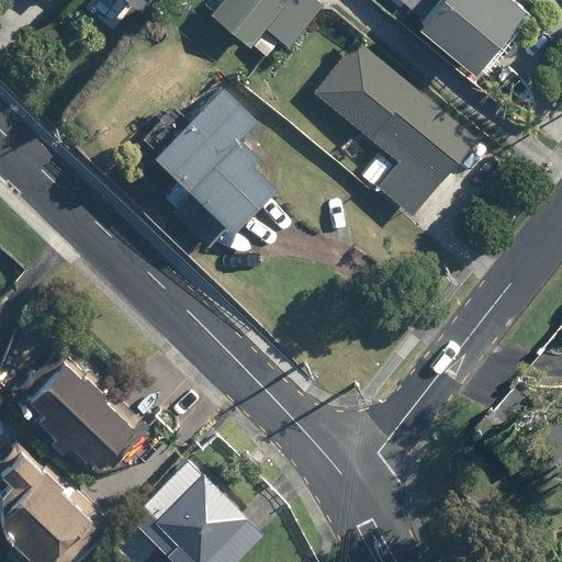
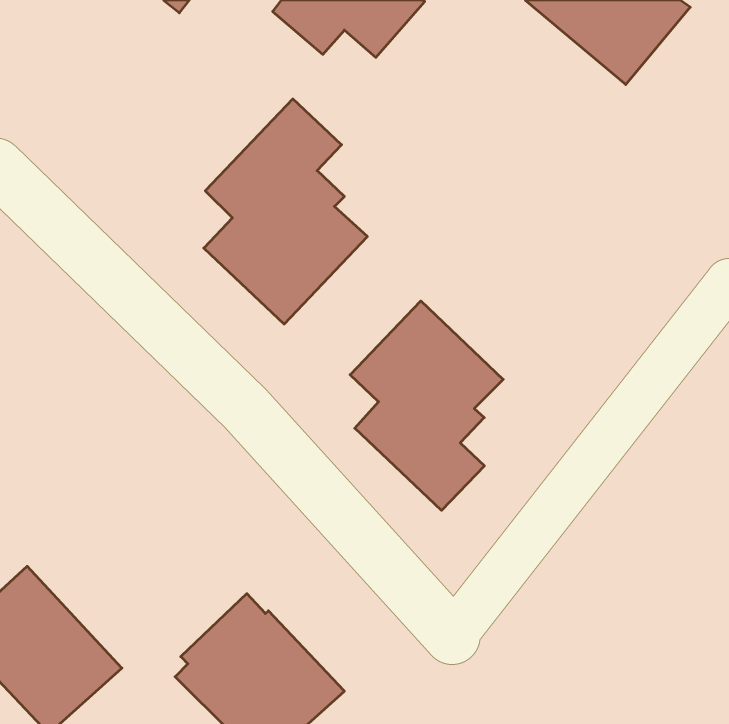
building: [314,45,475,220] -> none
building: none -> [350,301,503,510]
building: [8,345,140,470] -> none

